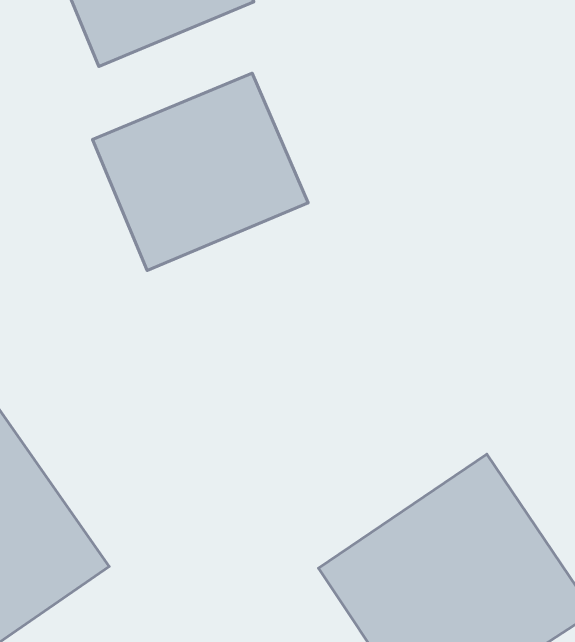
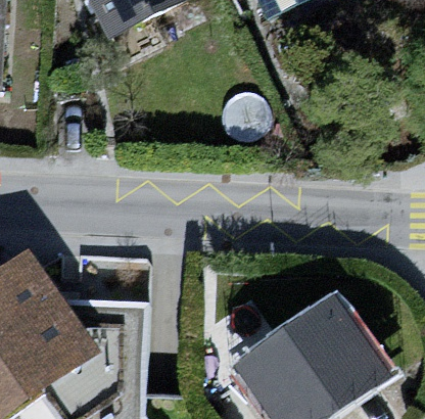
building: [92,73,308,270] -> none

